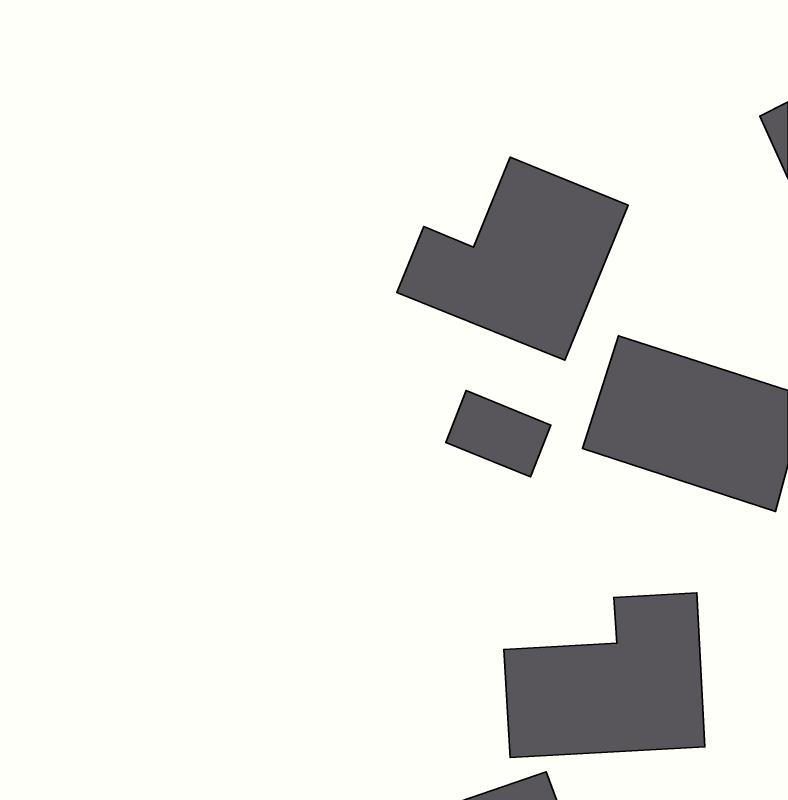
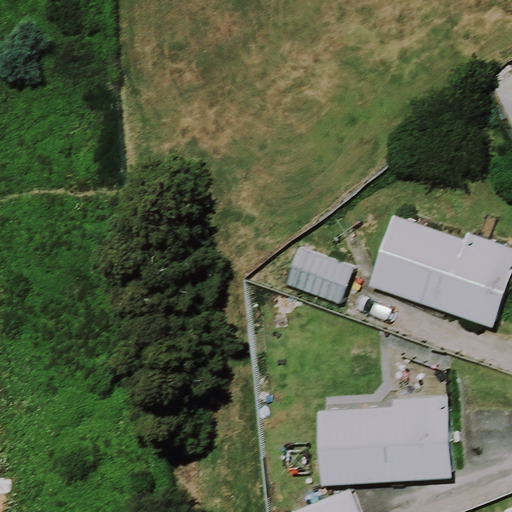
building: [397,157,628,360] -> none

